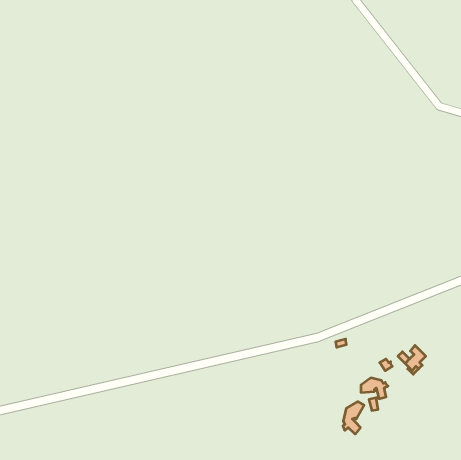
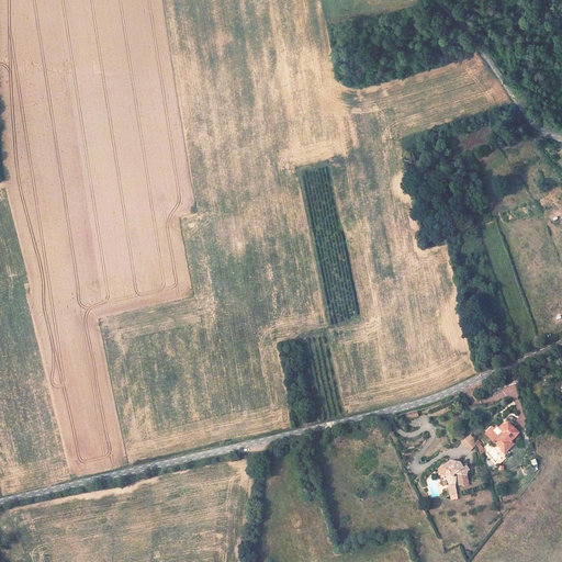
building: [343,402,364,434] -> none

